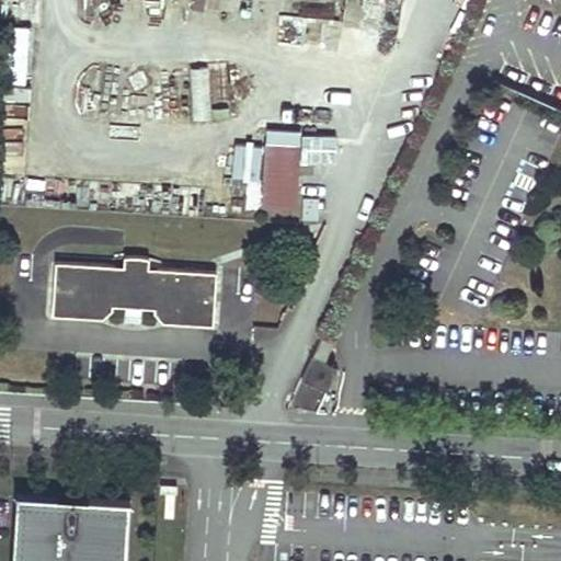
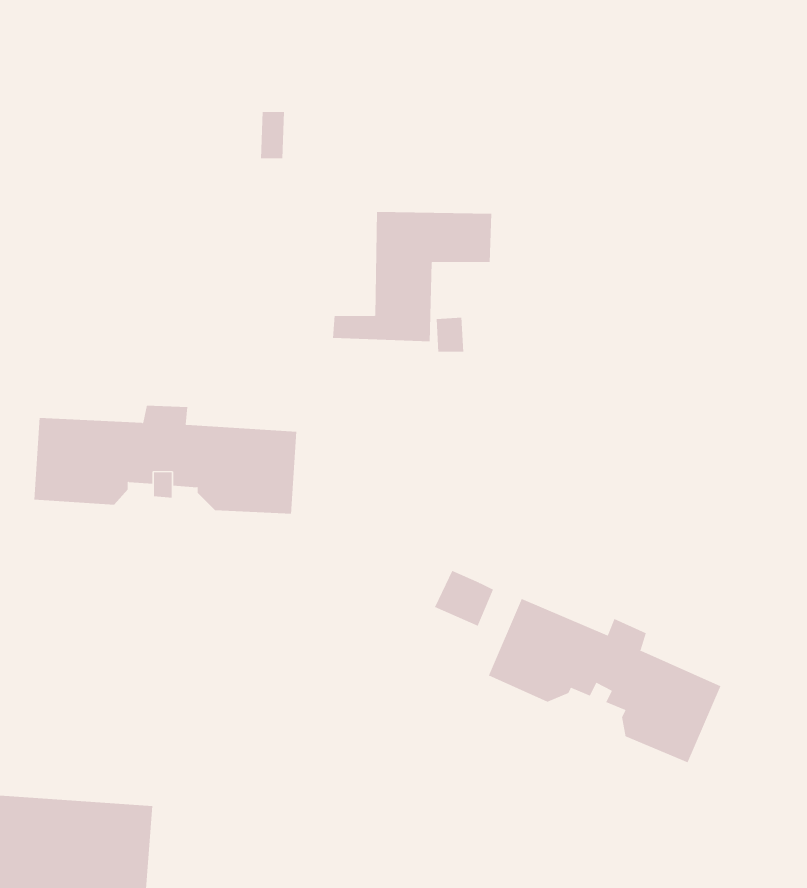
building: none -> [488,598,721,763]

